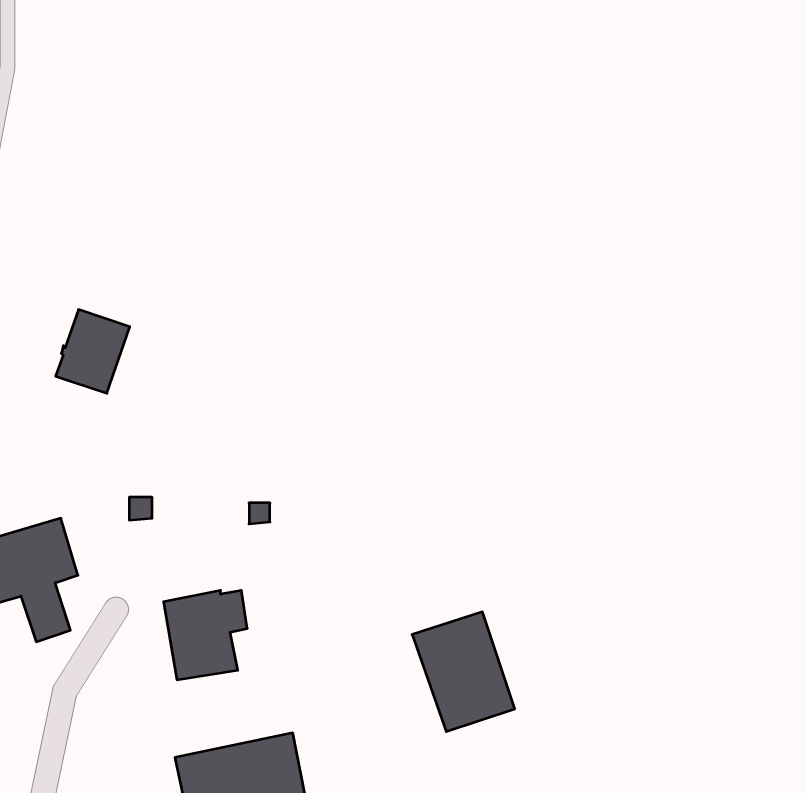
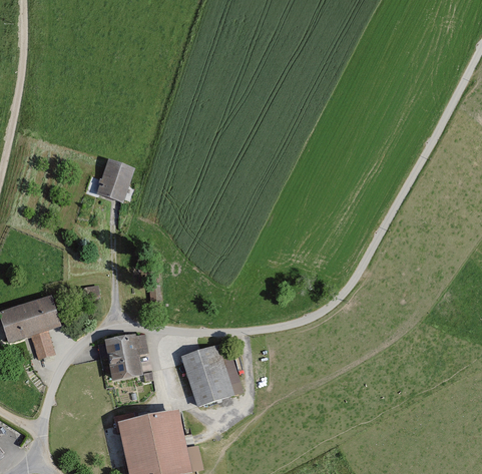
building: [56,310,130,393] -> [97,158,136,202]
building: [412,612,515,732] -> [181,343,235,406]

